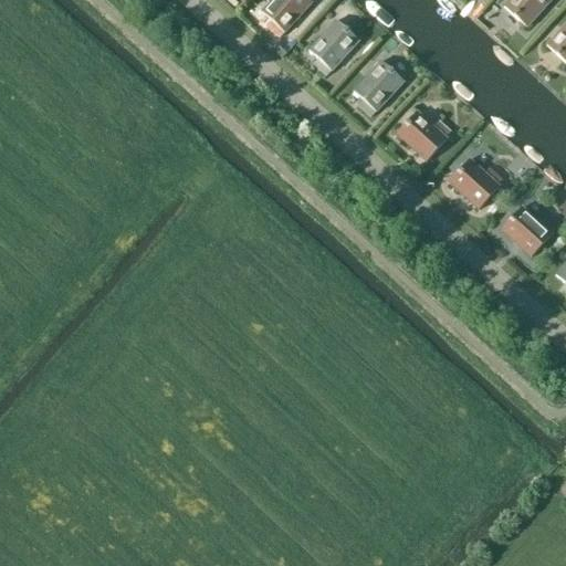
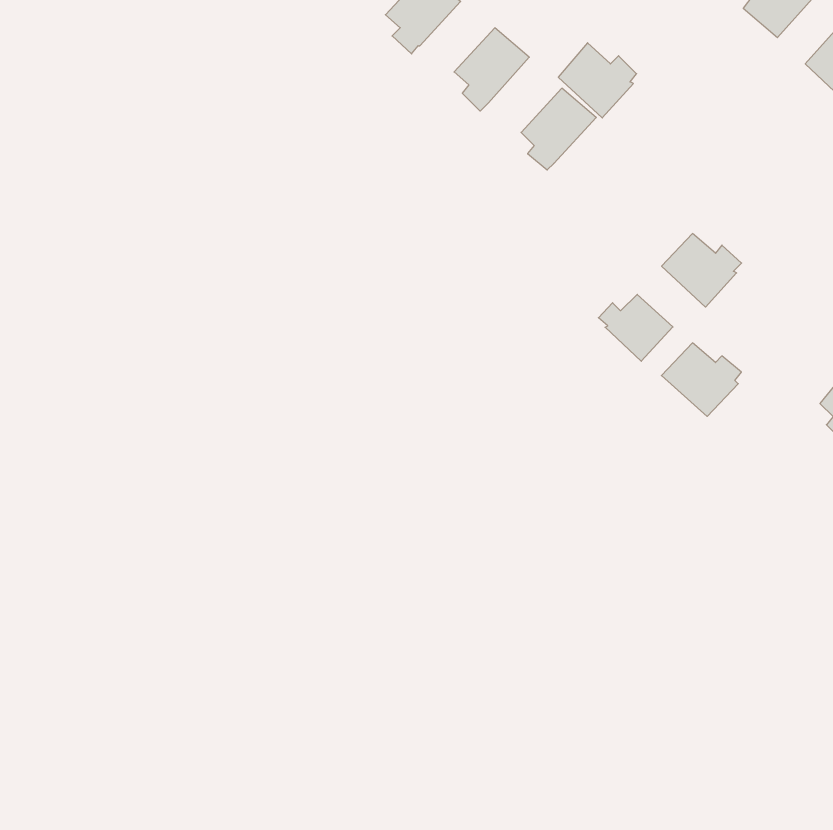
building: [397,109,450,160] -> [558,43,637,118]
building: none -> [598,294,673,361]
building: [501,206,555,255] -> [661,343,741,416]

